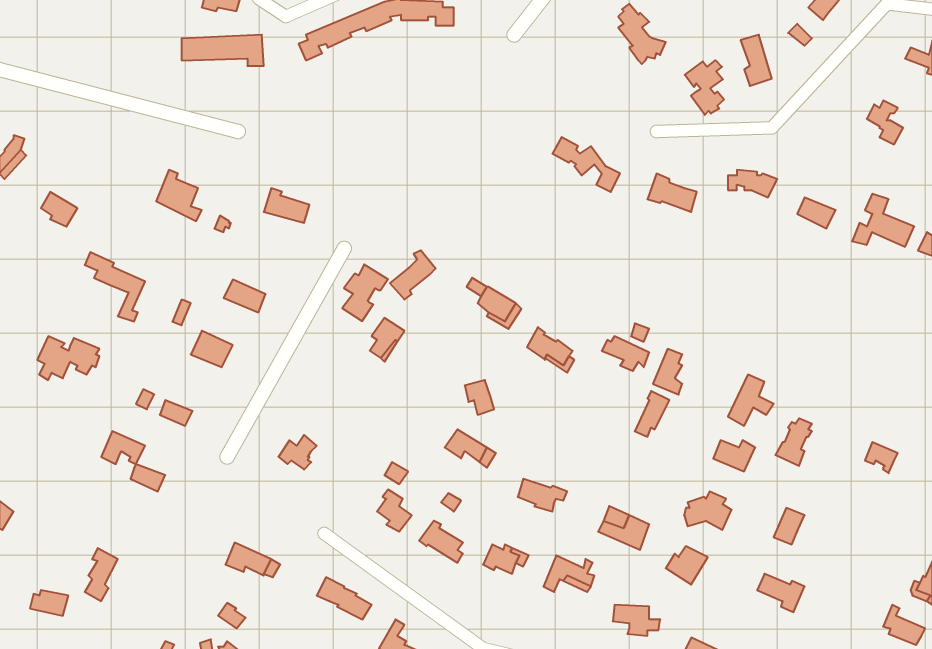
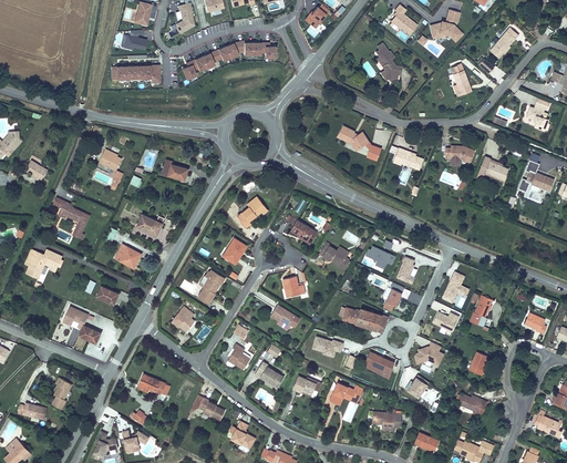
building: [685,60,724,115] -> none
building: [342,264,388,321] -> [197,268,225,302]
building: none -> [342,306,391,329]

